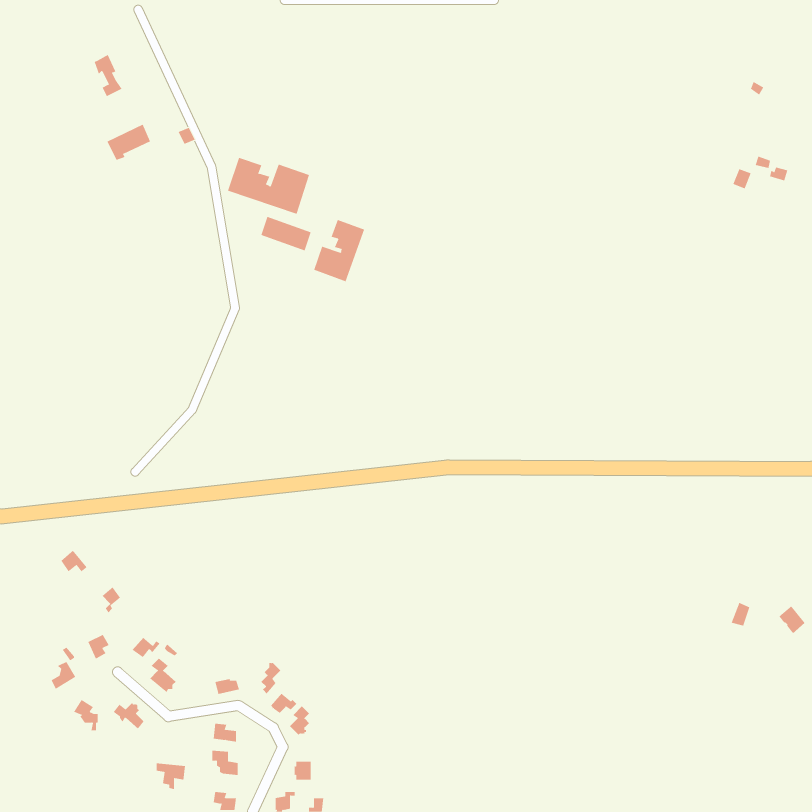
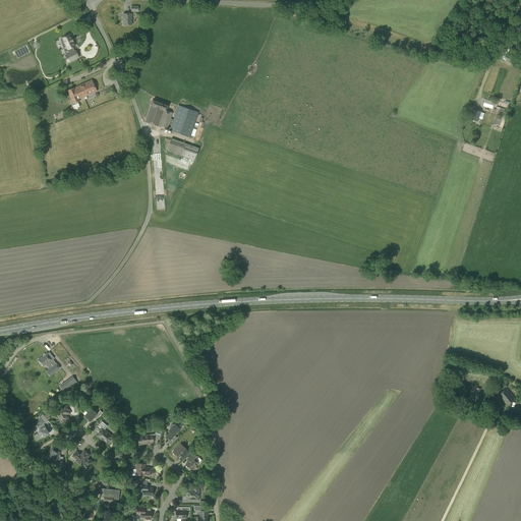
building: [314,219,365,282] -> none

